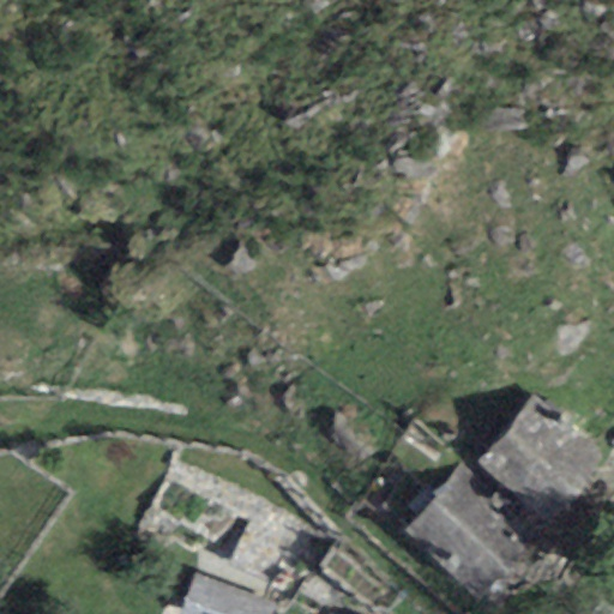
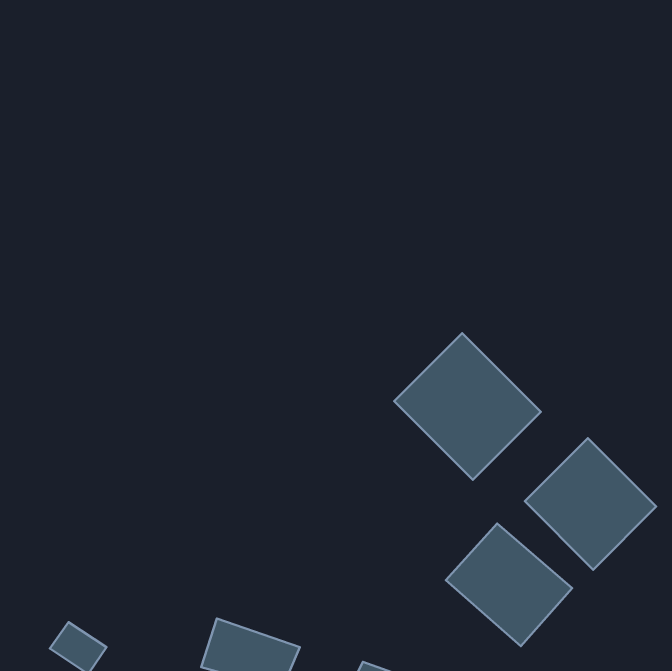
building: none -> [394,333,541,480]

